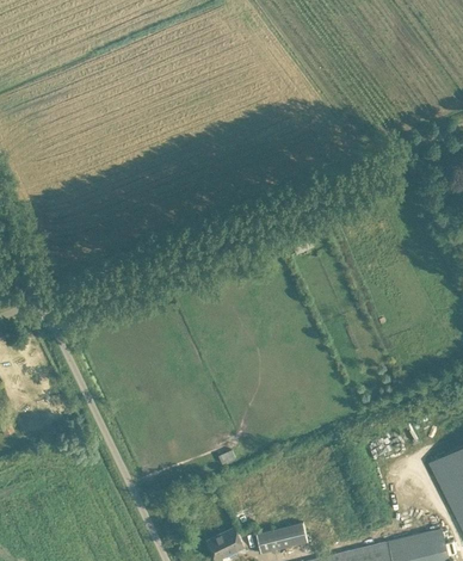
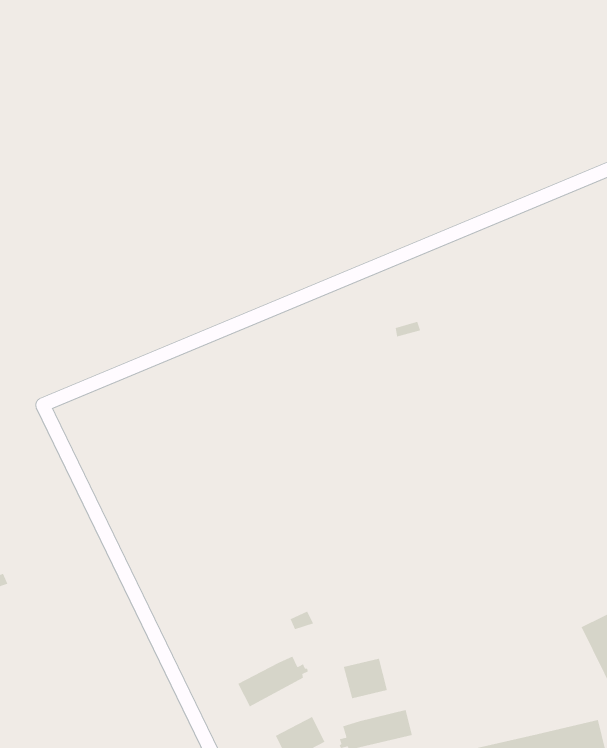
building: none -> [237,655,309,707]
building: none -> [343,658,388,699]

